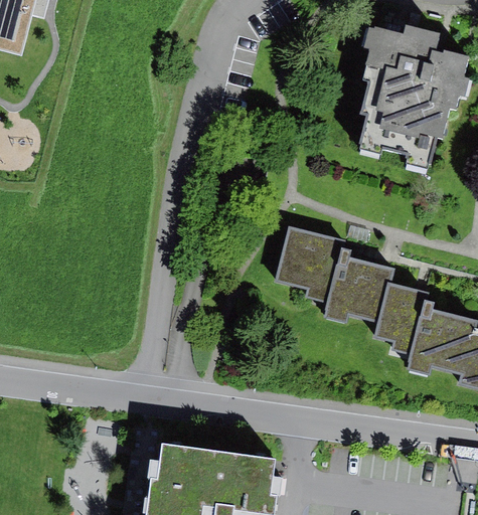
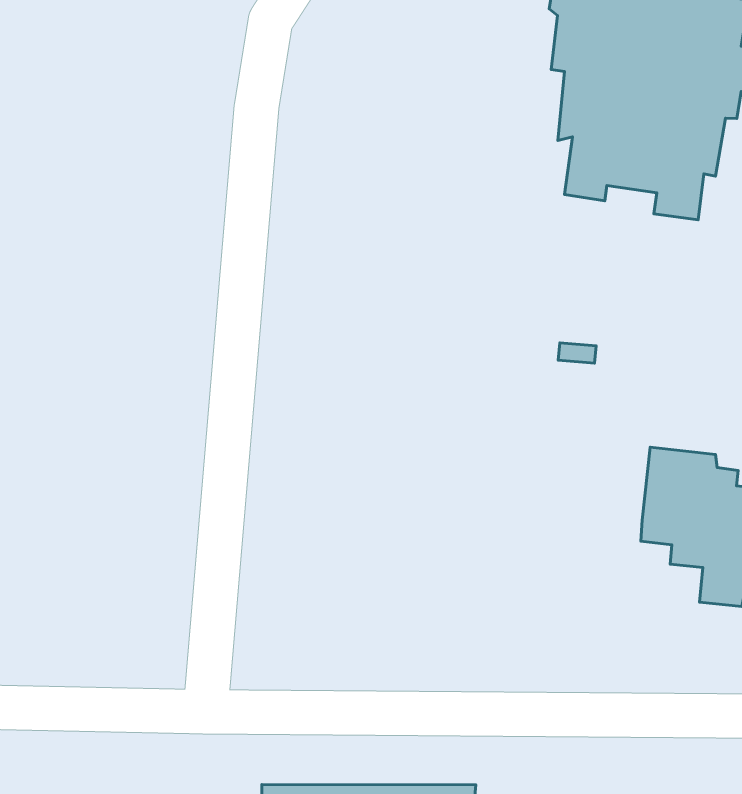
building: [278,230,392,324] -> none

